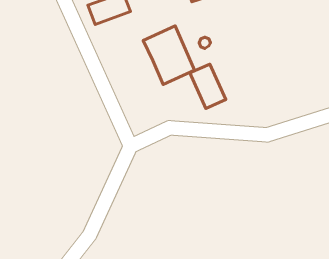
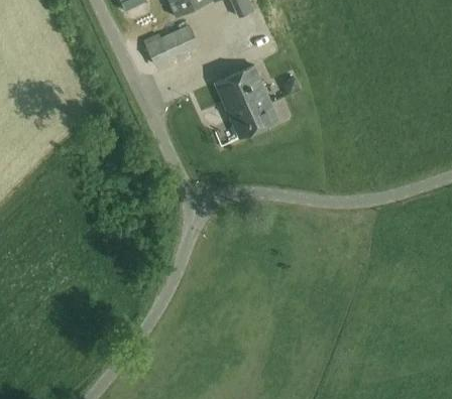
building: [190,64,226,108] -> none

